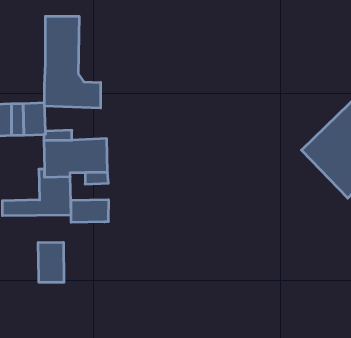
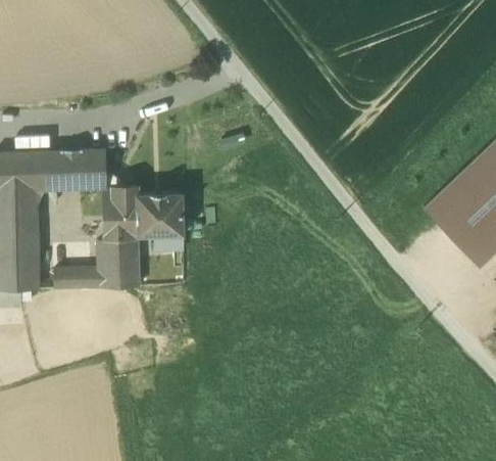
building: [45,16,101,108] -> none
building: [71,200,108,222] -> none
building: [38,242,64,282] -> none

